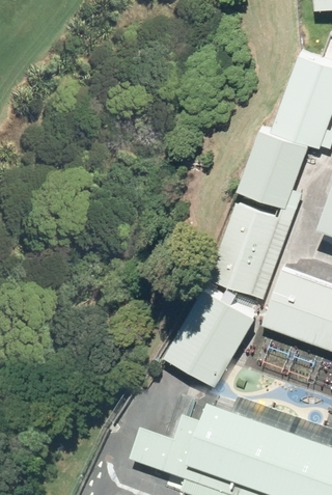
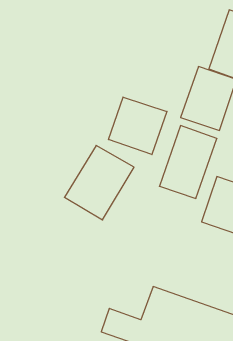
building: none -> [109,97,167,155]
building: [167,291,256,386] -> [64,145,134,220]

